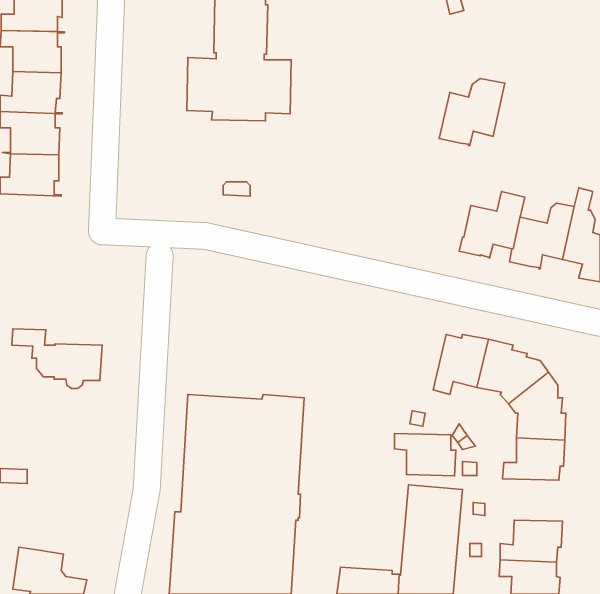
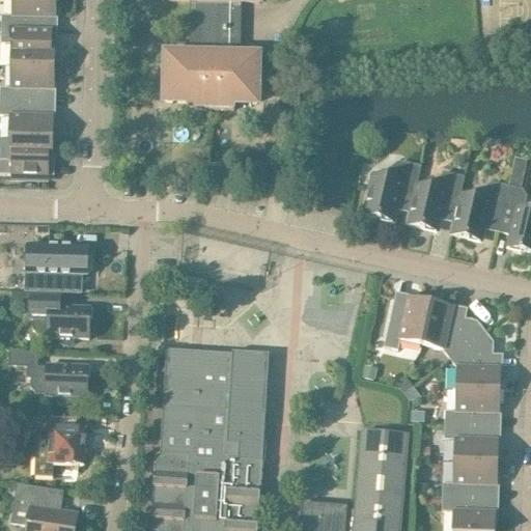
building: [439,78,505,145] -> [362,159,420,218]
building: none -> [26,242,92,290]
building: none -> [8,348,88,402]
building: [395,434,456,476] -> [444,423,498,460]
building: none -> [36,421,85,473]

